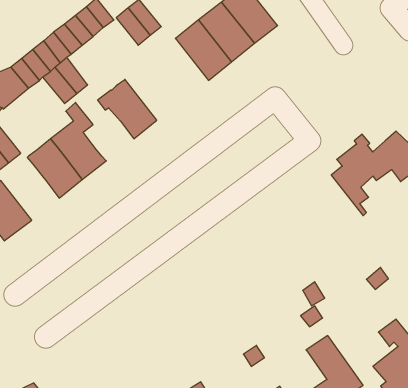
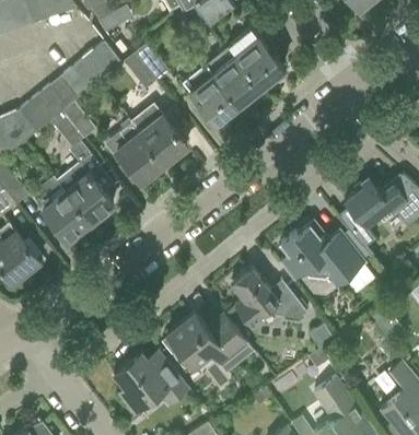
building: none -> [133,105,188,164]
building: none -> [279,230,365,295]
building: none -> [232,269,309,330]
building: none -> [168,314,254,373]
building: none -> [115,352,190,414]

